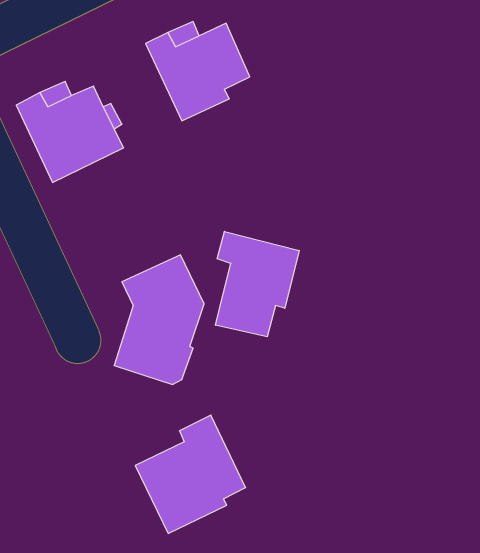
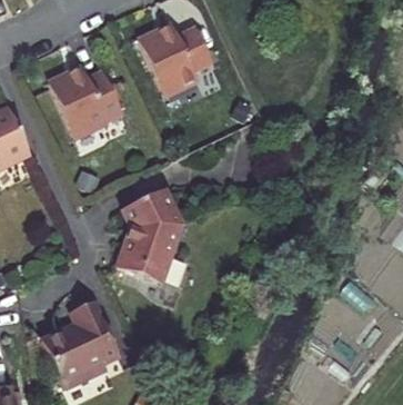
building: [215,231,299,337] -> none
building: [135,415,246,533] -> [42,304,120,387]

